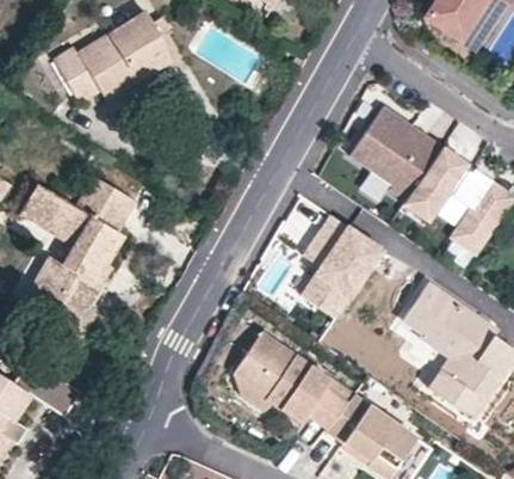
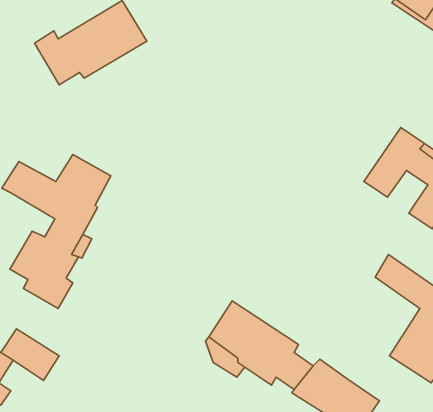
building: [348,106,441,201] -> none
building: [296,211,383,318] -> none
building: [403,306,462,360] -> none

